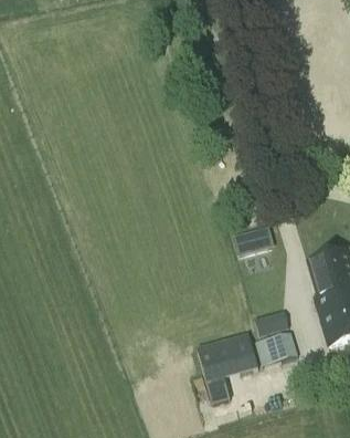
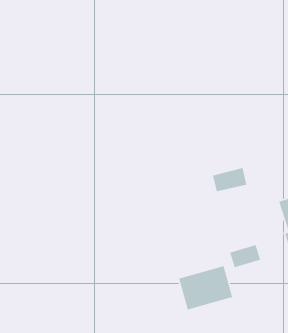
building: [255,331,298,365] -> none

